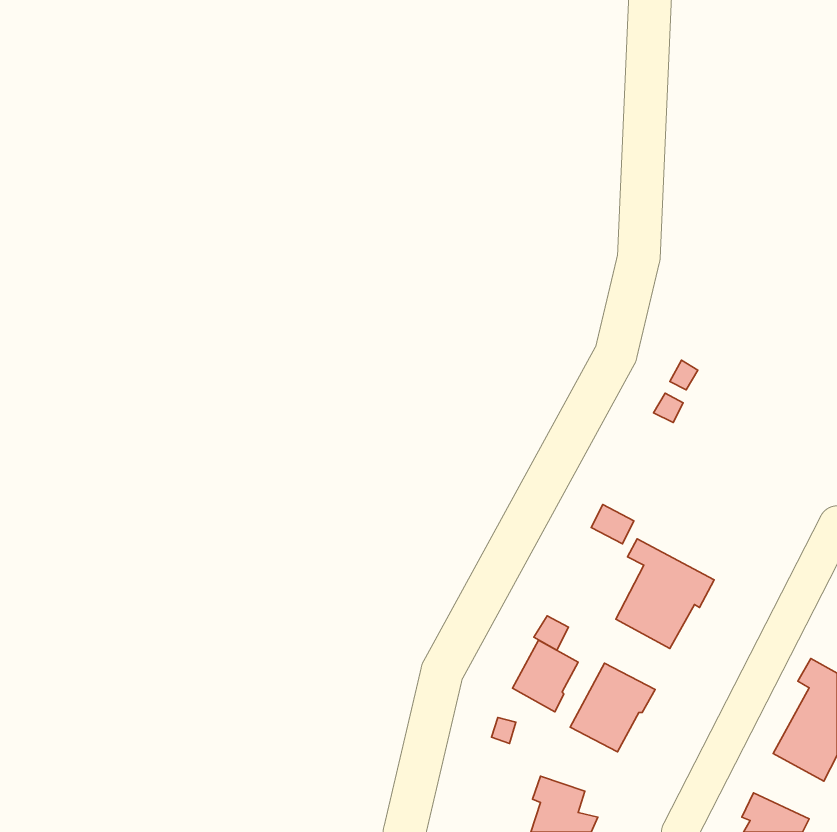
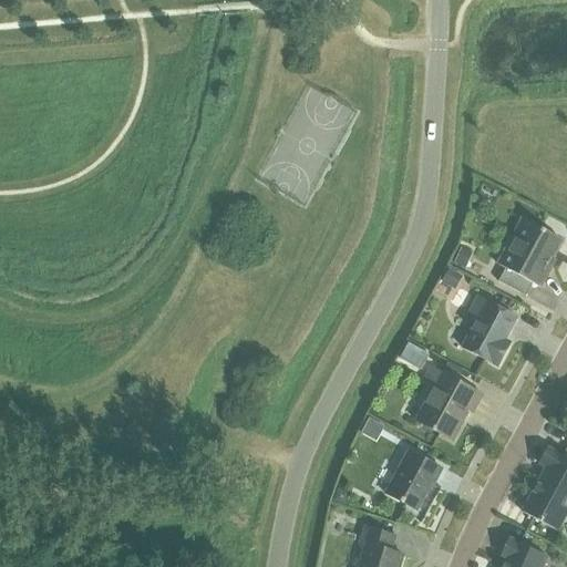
building: none -> [498,218,561,295]
building: none -> [463,295,517,364]
building: [513,640,578,712] -> none

